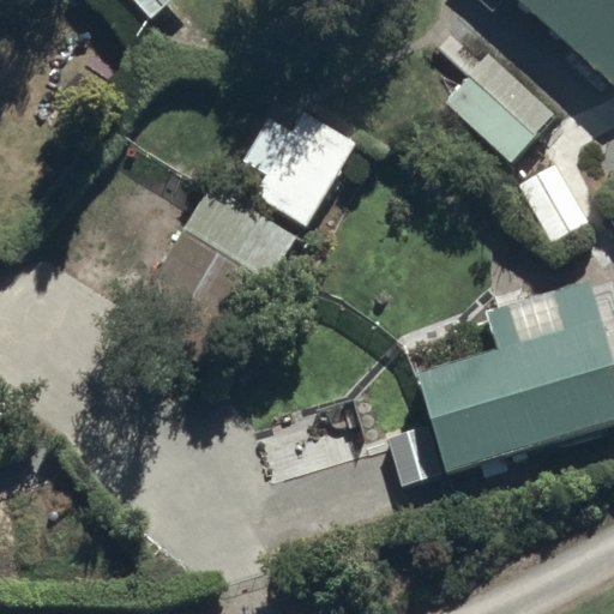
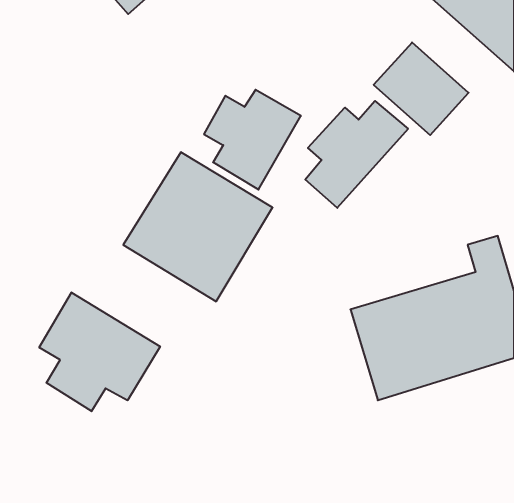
building: none -> [305,101,408,208]
building: none -> [39,292,160,411]

